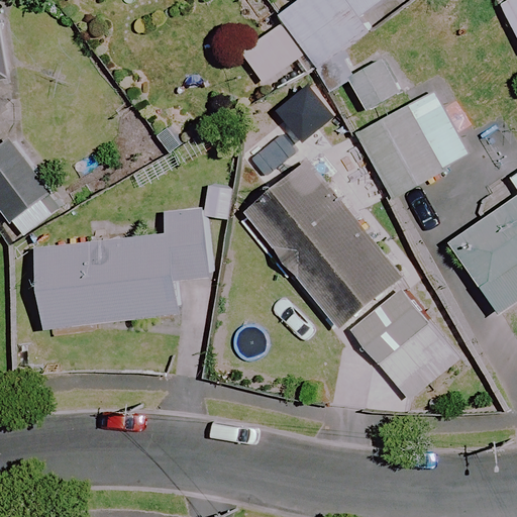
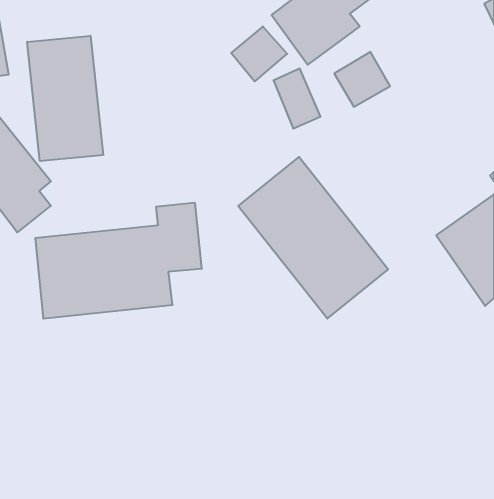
building: none -> [27,36,103,161]
building: [356,92,469,198] -> none
building: [355,320,457,400] -> none

